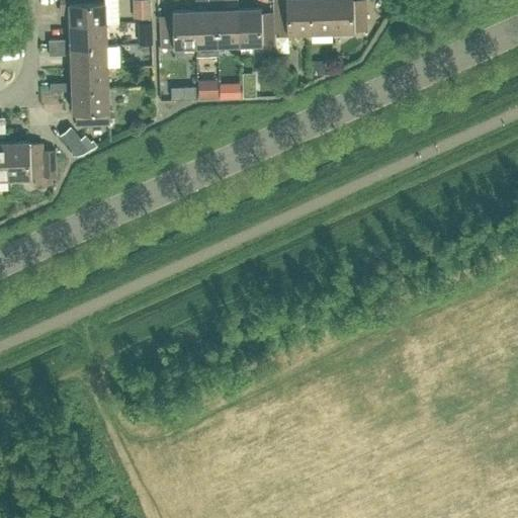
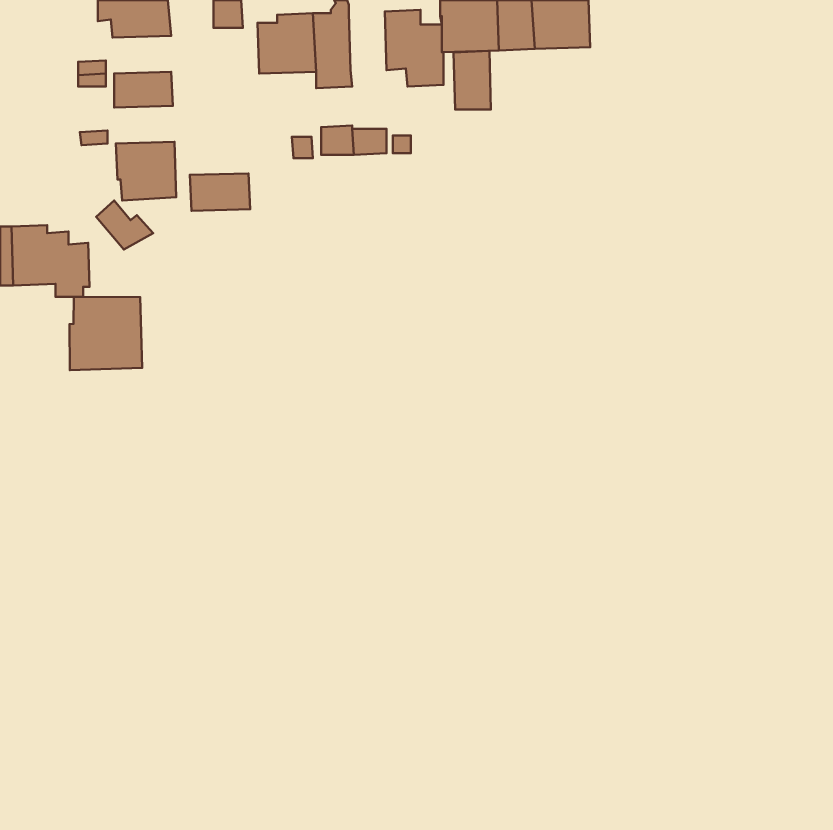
building: [217,9,240,46] -> [453,51,491,110]
building: [70,24,106,48] -> none
building: [71,68,108,91] -> [190,173,250,211]
building: none -> [69,297,142,370]

